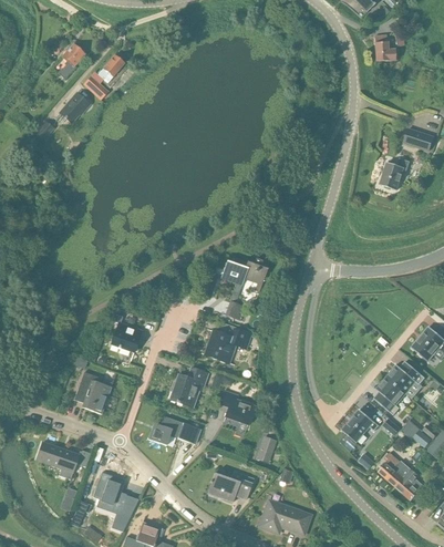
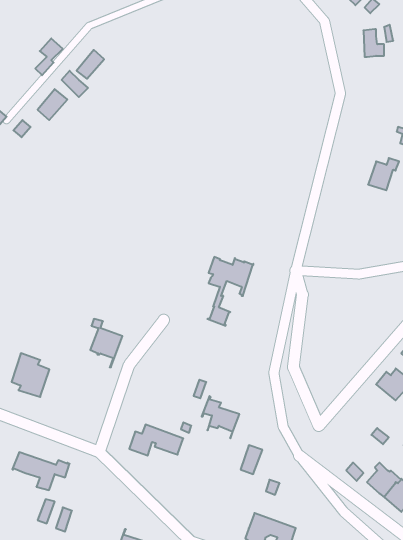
building: [199,322,249,361] -> none
building: [169,364,207,406] -> none
building: [74,371,111,413] -> [12,353,49,397]
building: [374,376,405,414] -> none
building: [341,409,379,442] -> none
building: [96,466,136,520] -> none
building: [208,472,254,502] -> none

